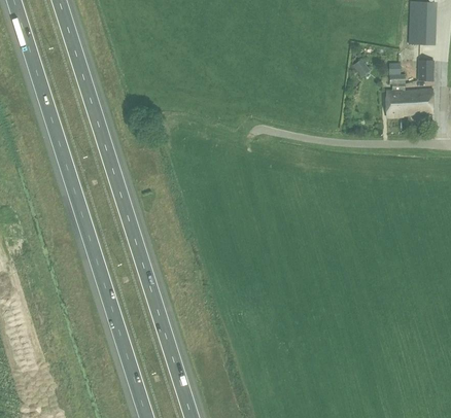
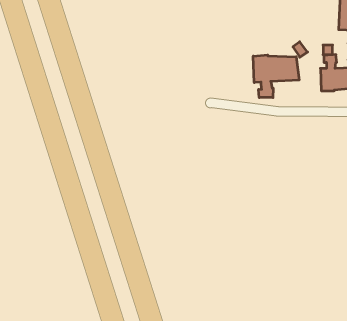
building: none -> [253,55,299,98]

